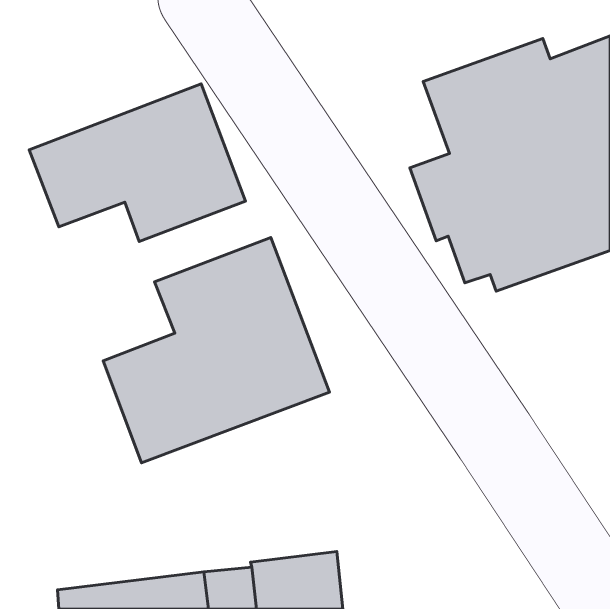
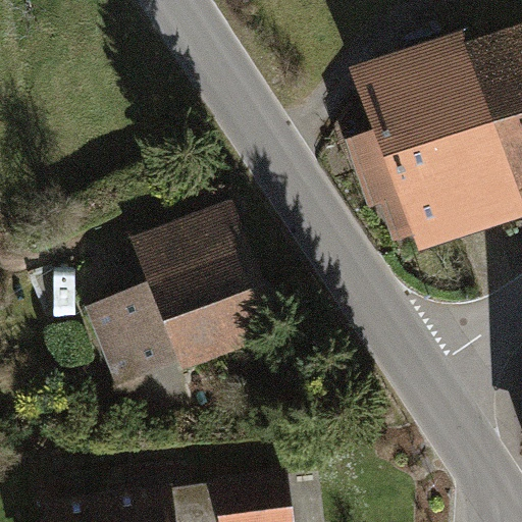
building: [29,84,246,242] -> none

